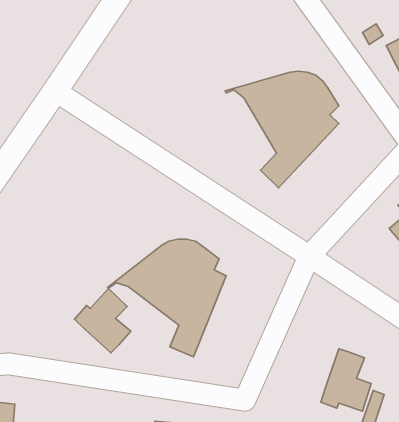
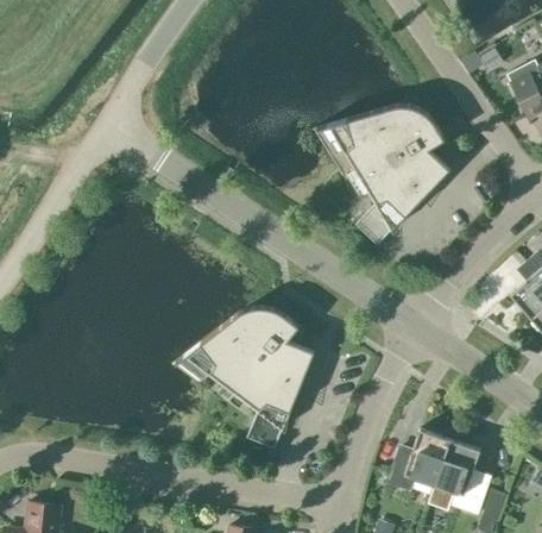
building: [74,289,131,353] -> none
building: none -> [386,429,449,493]

